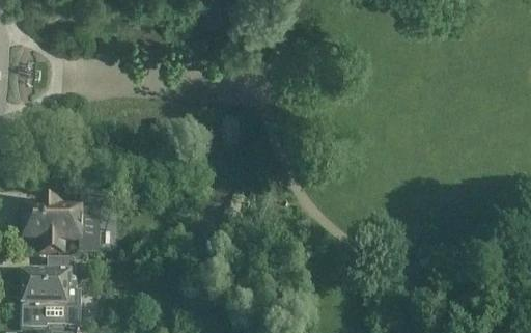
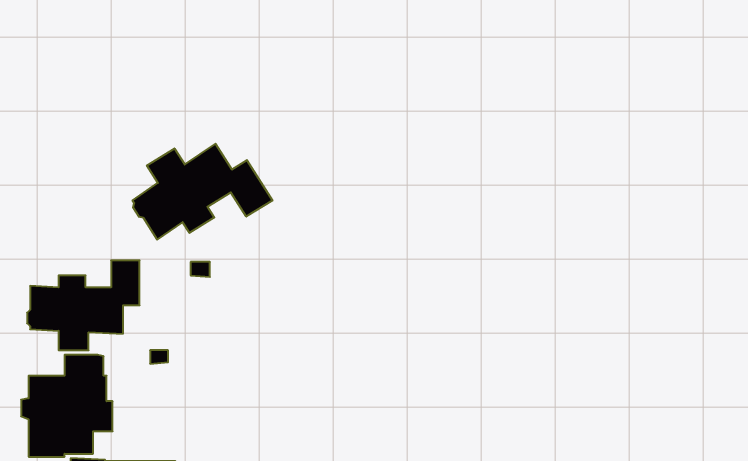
building: none -> [133,144,272,240]

